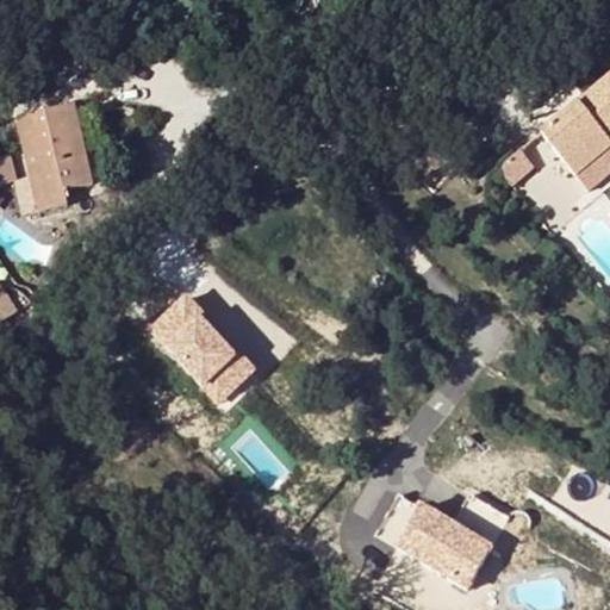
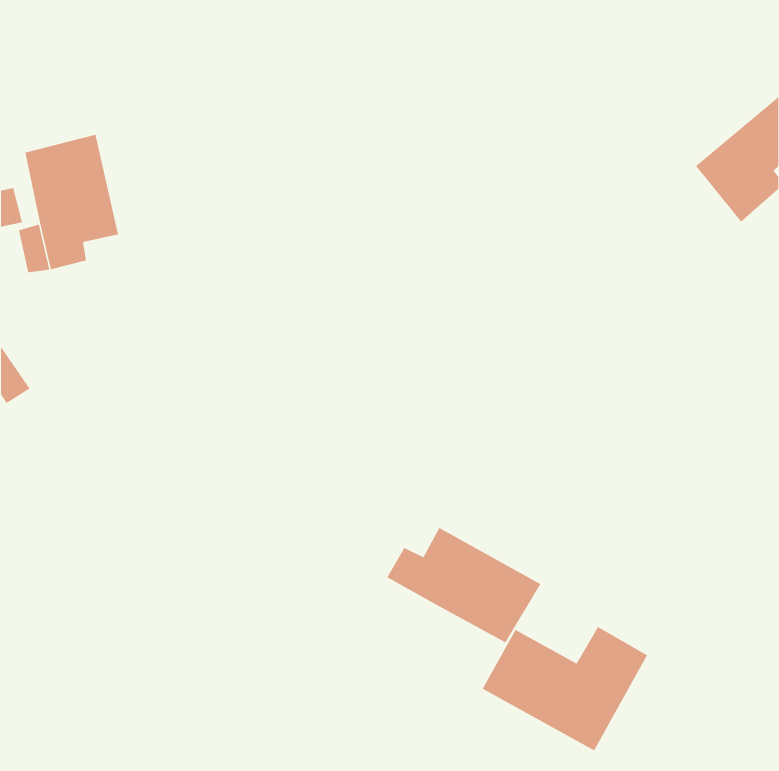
building: [138,291,255,403] -> none
building: none -> [386,527,541,643]

